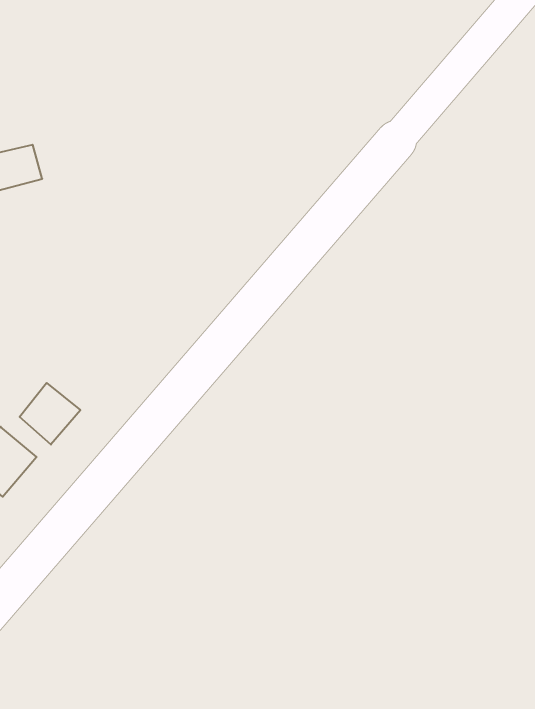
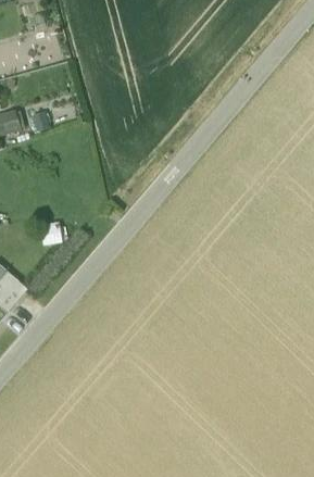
building: [20,383,80,445] -> none

